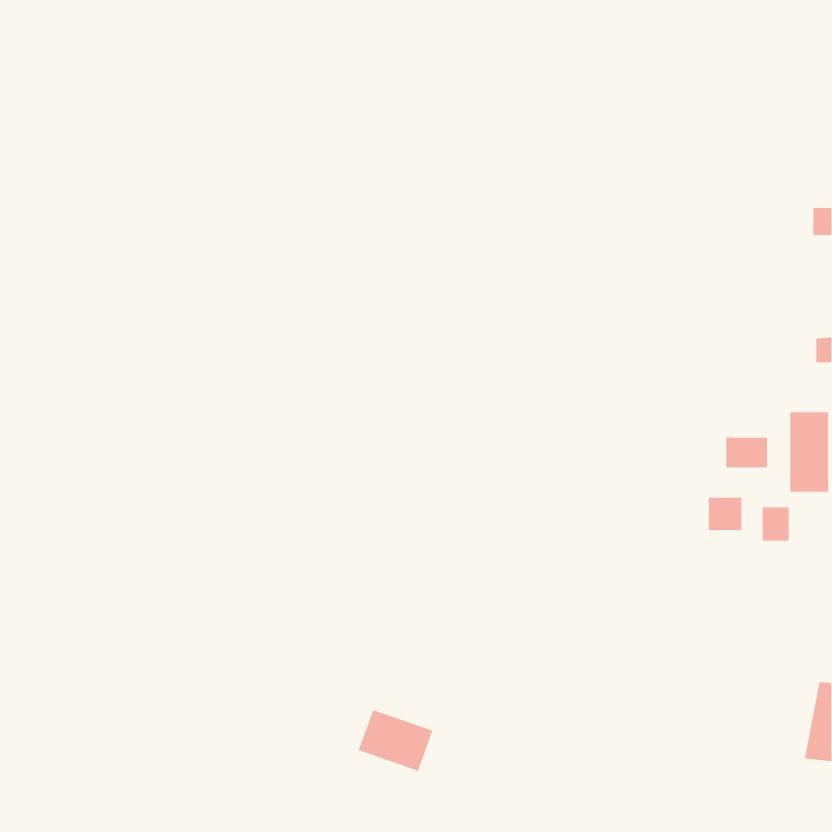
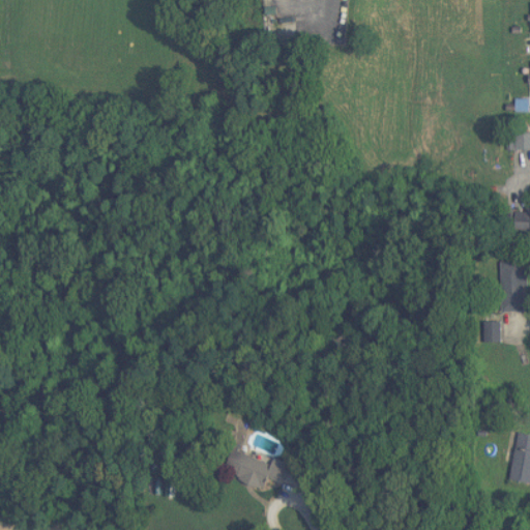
building: [726,437,767,468] -> none
building: [708,497,742,531] -> none

